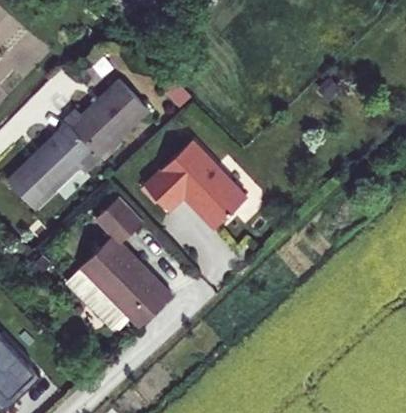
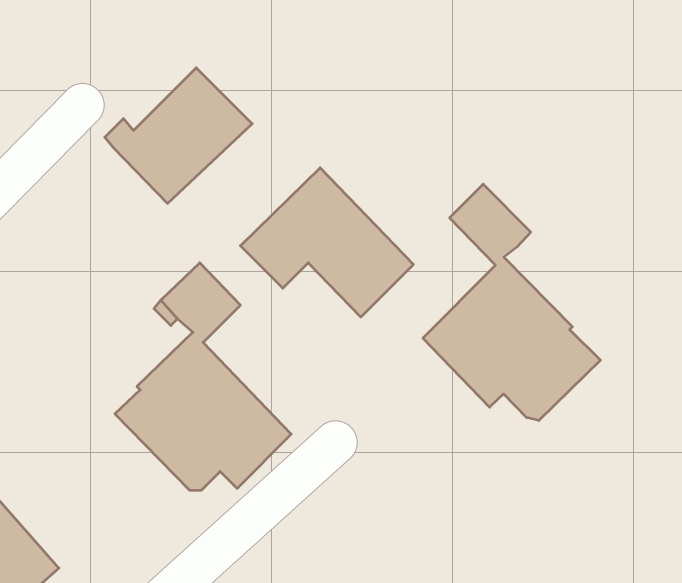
building: [6,127,103,212] -> none
building: none -> [423,184,600,421]

